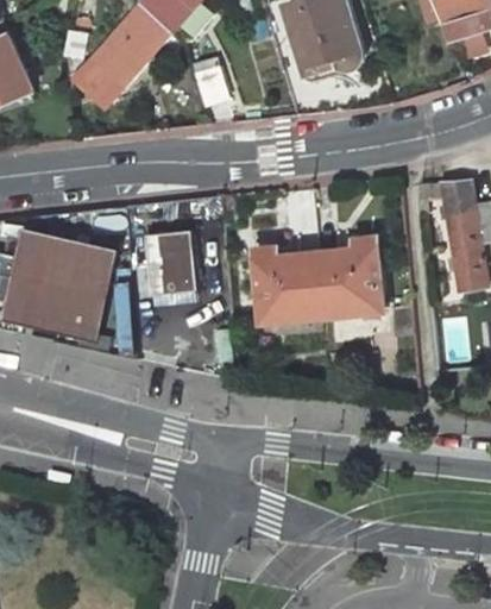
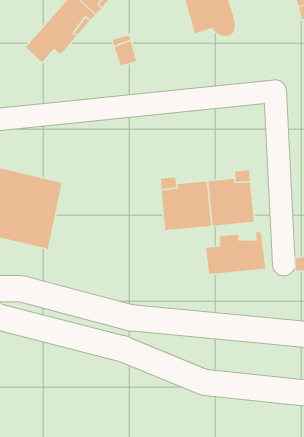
building: [149,239,200,303] -> none
building: none -> [205,231,266,275]

